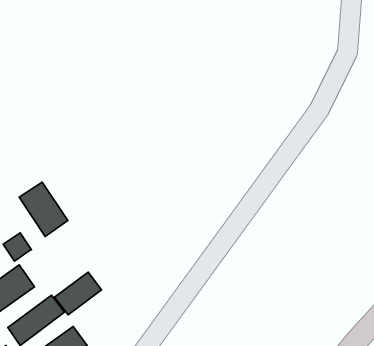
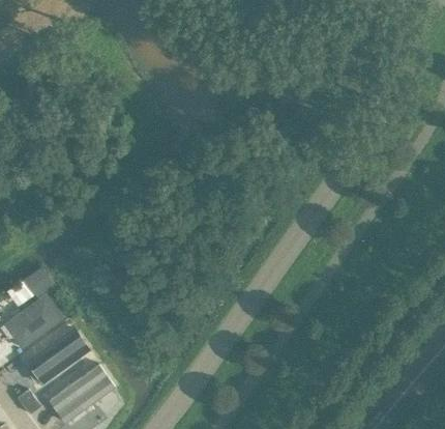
building: [19,182,68,236] -> none
building: [55,272,102,315] -> none

